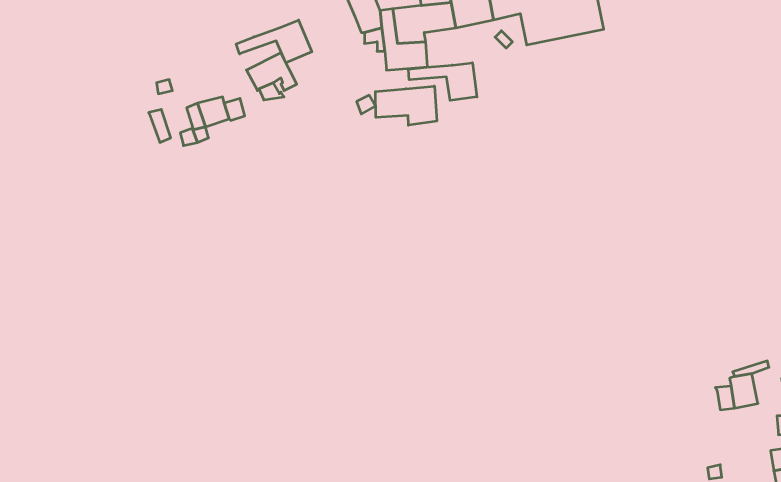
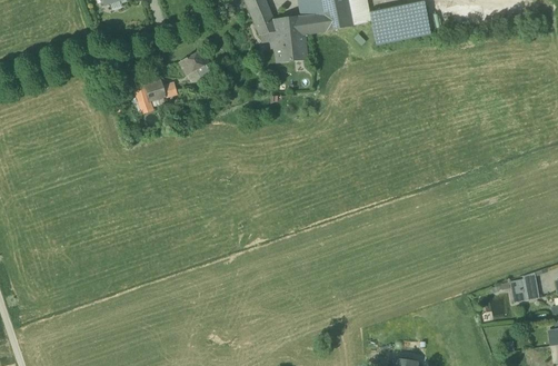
building: [236,20,312,63] -> none
building: [408,63,477,100] -> none
building: [375,86,437,125] -> none

